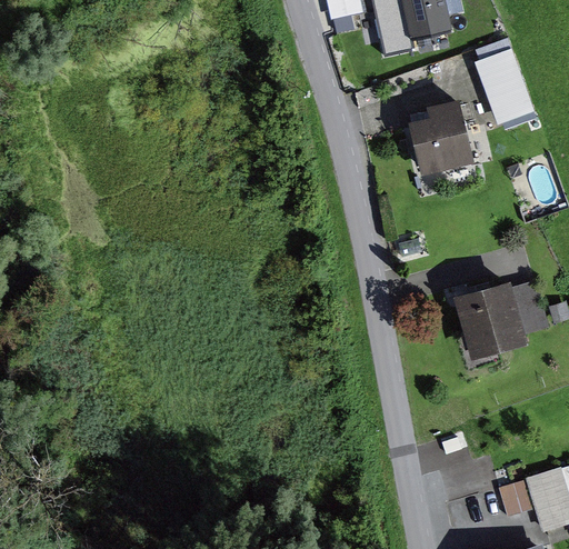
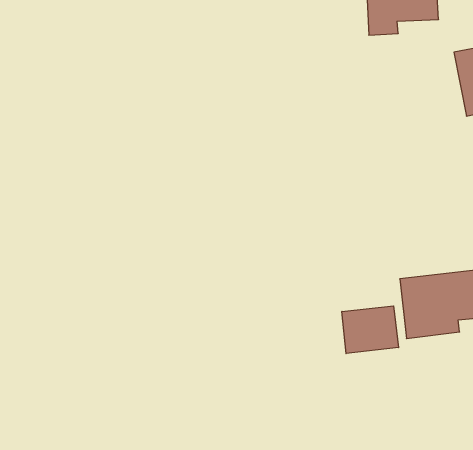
building: [409,101,476,177] -> none
building: none -> [342,306,399,354]

